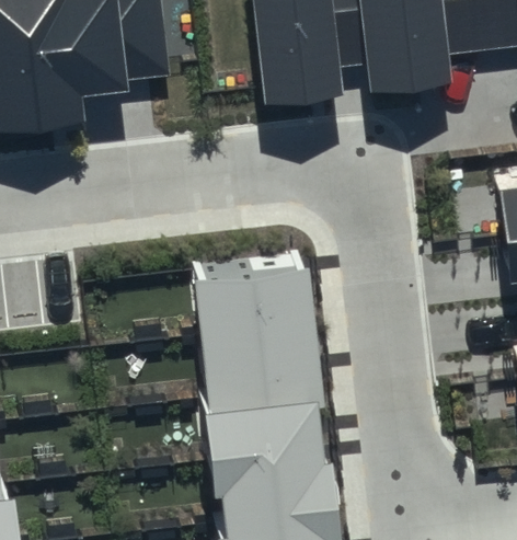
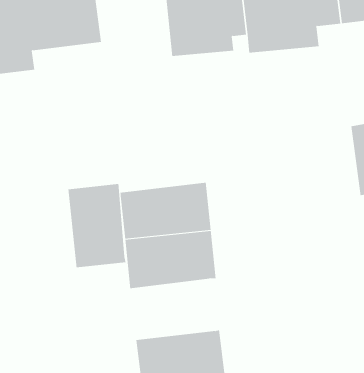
building: none -> [68,183,126,268]
building: [202,378,320,458] -> none

